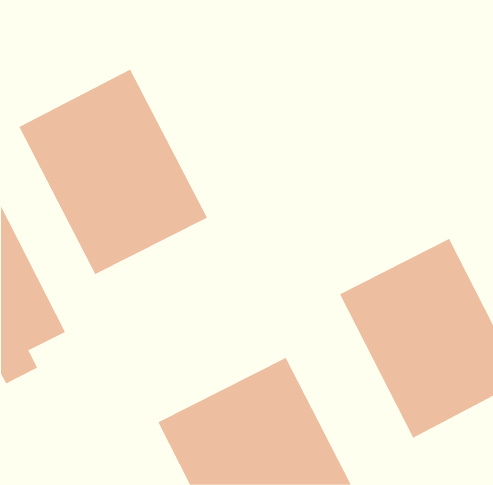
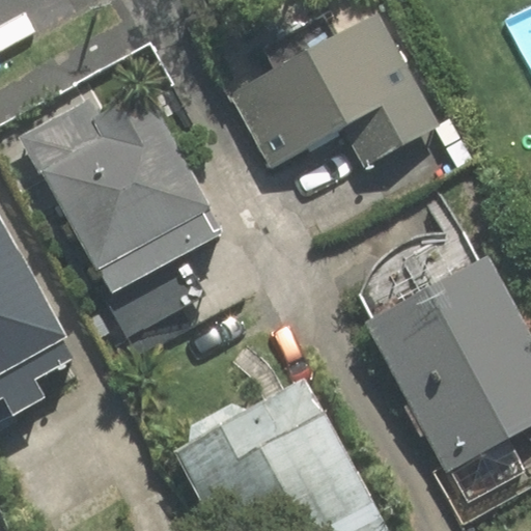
building: none -> [229,10,443,172]

